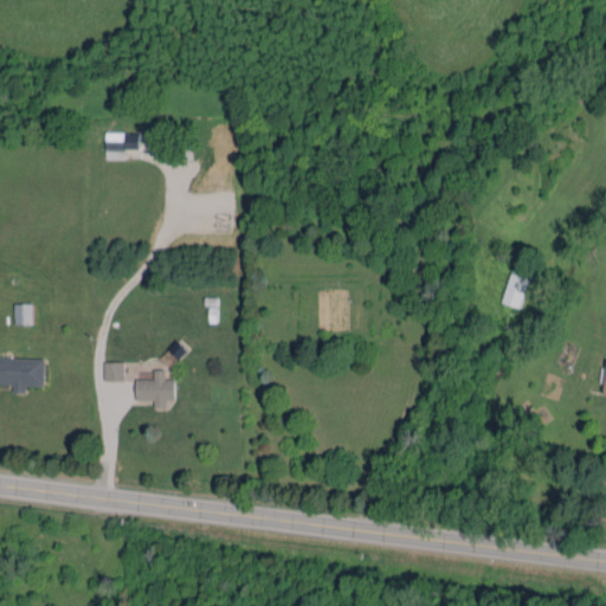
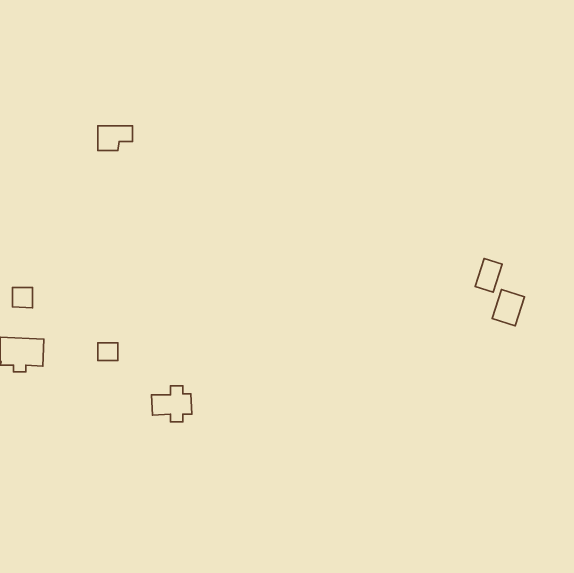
building: none -> [492,289,524,326]
building: [134,370,176,408] -> [152,386,192,422]

